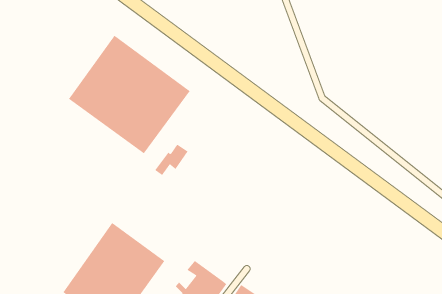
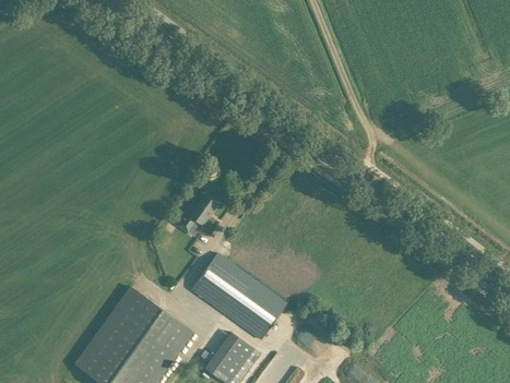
building: [68,35,190,154] -> none
building: none -> [192,254,287,340]

